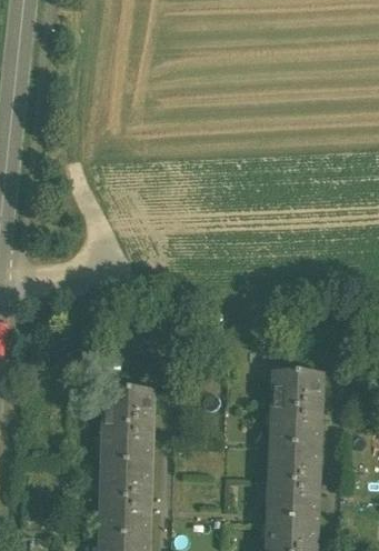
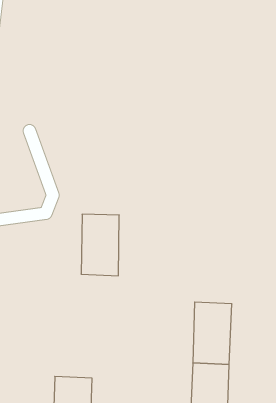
building: [102,397,149,472] -> [81,214,119,276]

